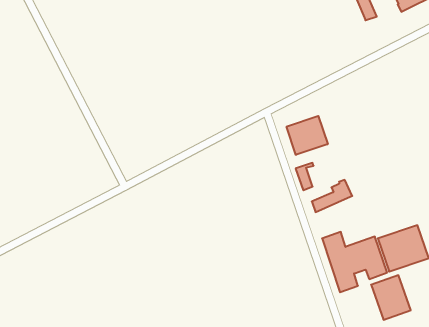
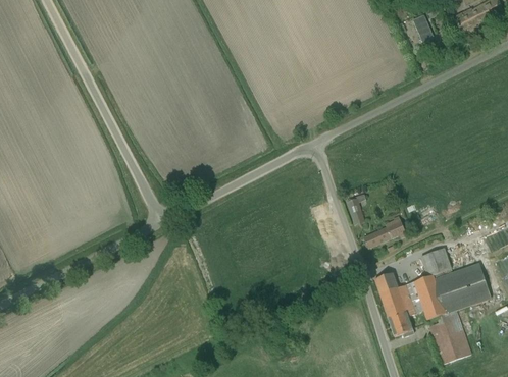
building: [287,116,328,155] -> none
building: none -> [419,247,450,274]

